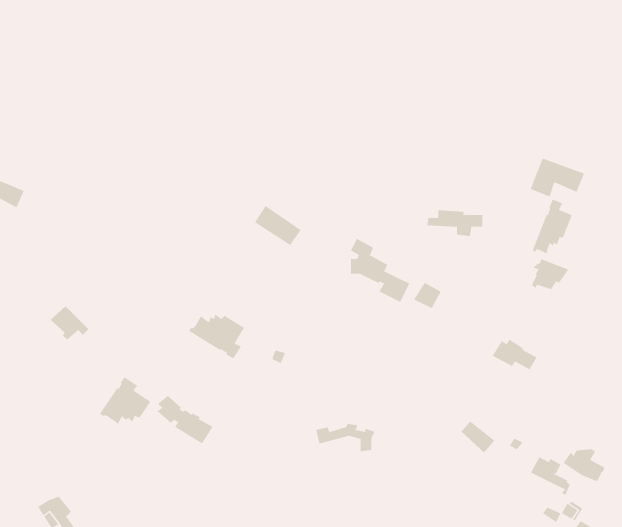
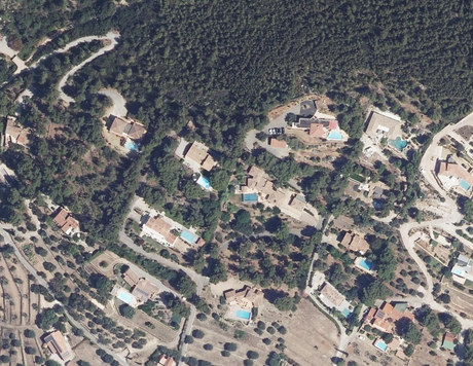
building: none -> [110,117,145,141]
building: [532,199,572,254] -> none
building: [426,210,483,237] -> [292,116,329,134]
building: [99,376,151,425] -> none

